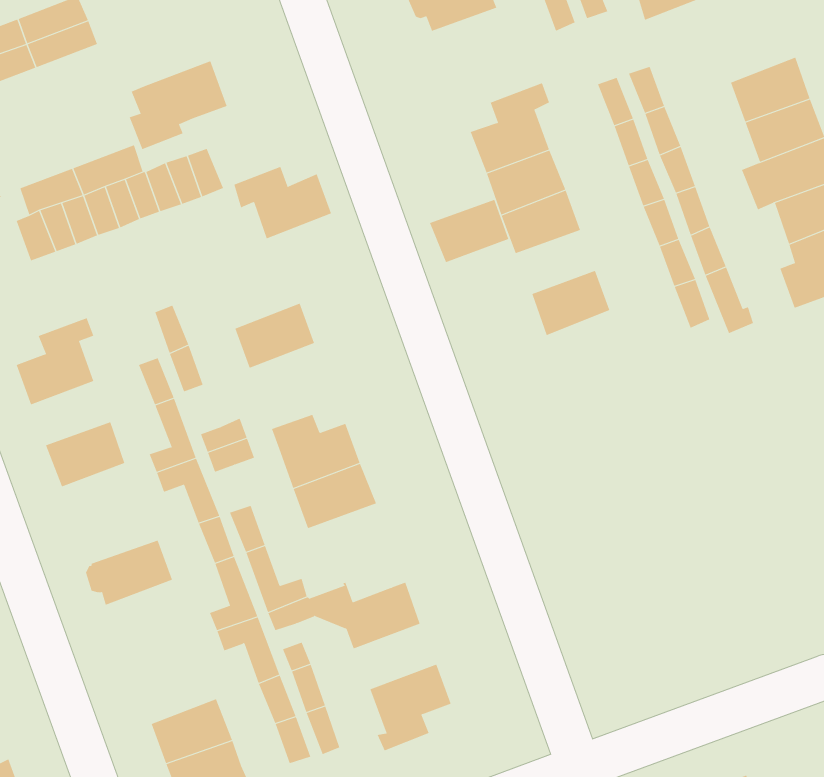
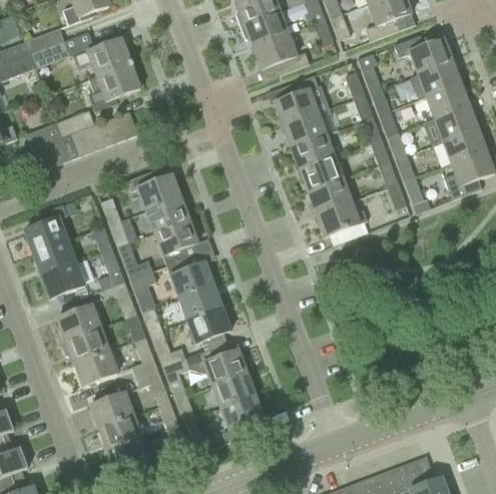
building: none -> [253,34,310,74]
building: none -> [394,35,453,75]
building: none -> [72,38,131,77]
building: [233,166,332,239] -> [126,170,180,210]
building: [429,199,509,263] -> [299,156,343,191]
building: none -> [316,200,368,244]
building: none -> [152,218,197,266]
building: none -> [32,239,76,275]
building: none -> [57,305,102,340]
building: none -> [184,307,230,351]
building: none -> [73,349,119,386]
building: none -> [209,373,256,409]
building: none -> [90,392,134,428]

